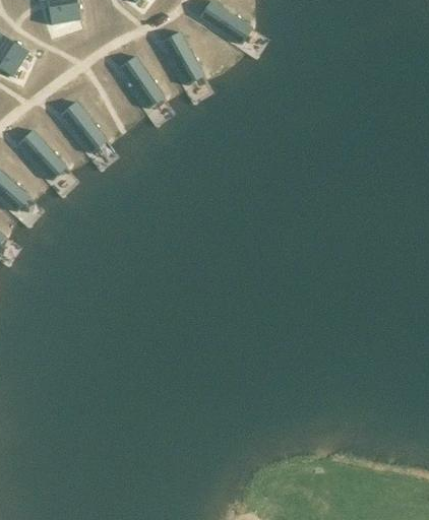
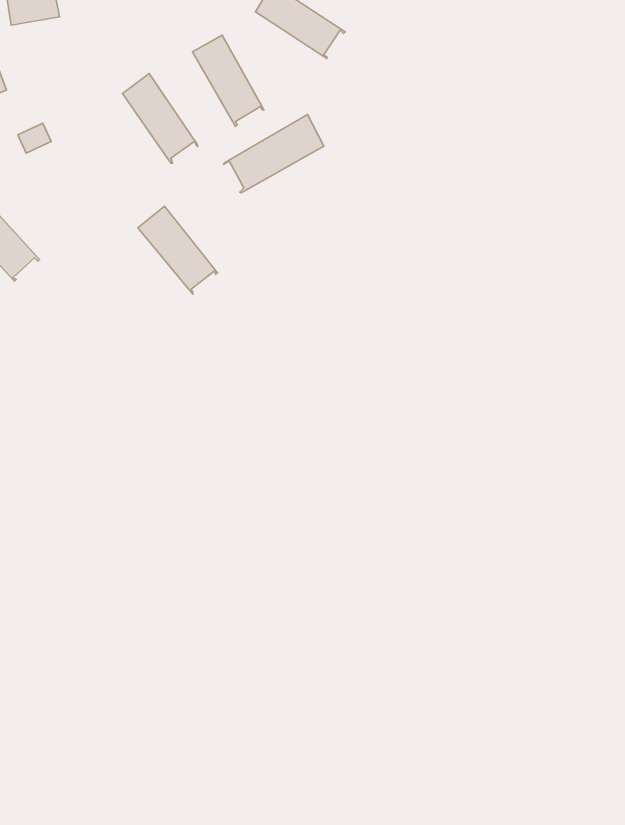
building: none -> [224,115,324,193]
building: [60,101,109,154] -> [138,206,218,294]

